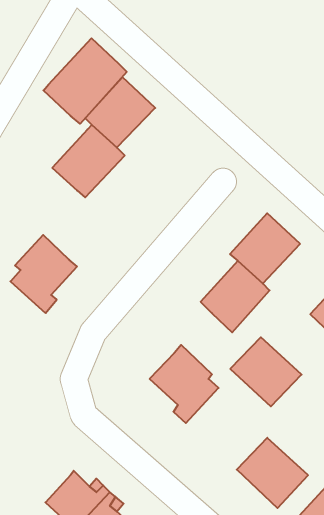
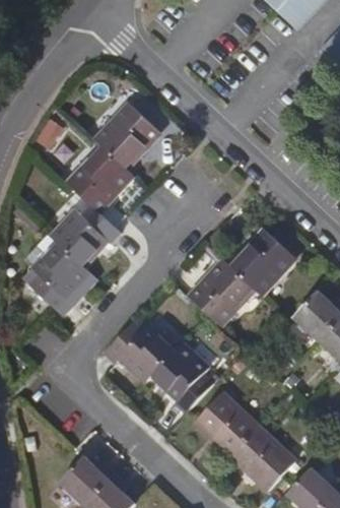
building: [43,38,127,124] -> none
building: none -> [49,205,117,267]
building: none -> [105,319,174,380]
building: [230,337,302,406] -> [193,393,257,455]

